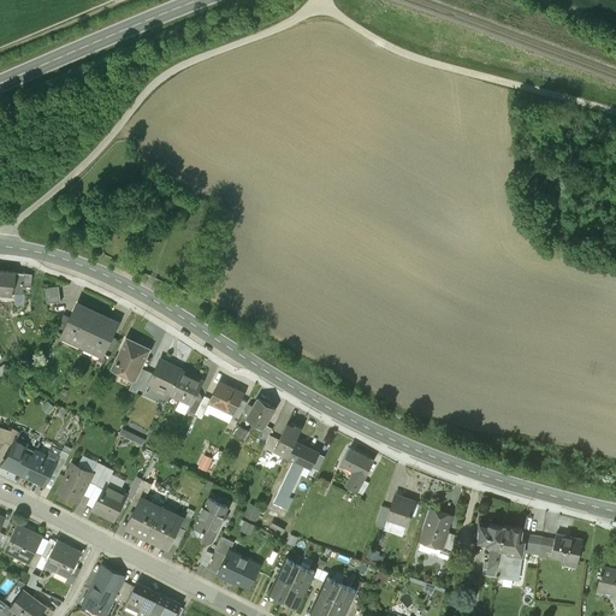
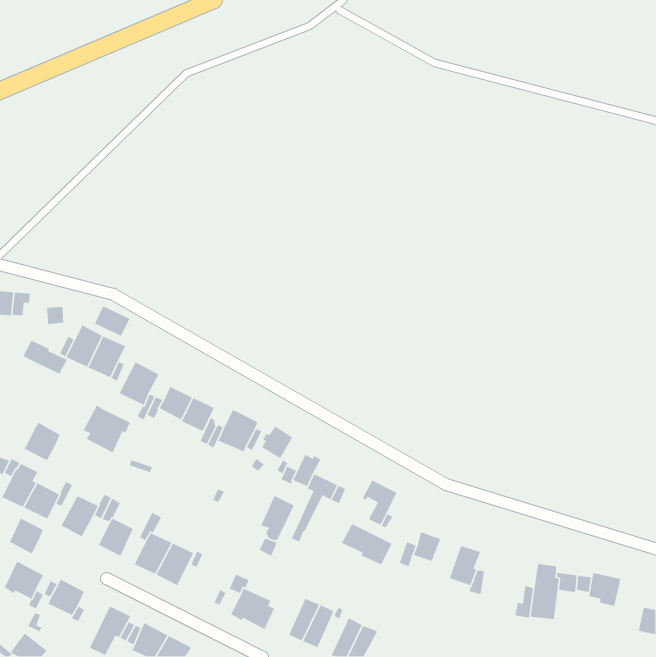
building: none -> [94,305,130,337]
building: none -> [23,340,68,375]
building: none -> [82,405,131,454]
building: none -> [24,422,61,461]
building: none -> [9,517,44,555]
building: none -> [341,523,392,566]
building: [194,499,226,543] -> [260,495,295,541]
building: [475,525,503,550] -> none

